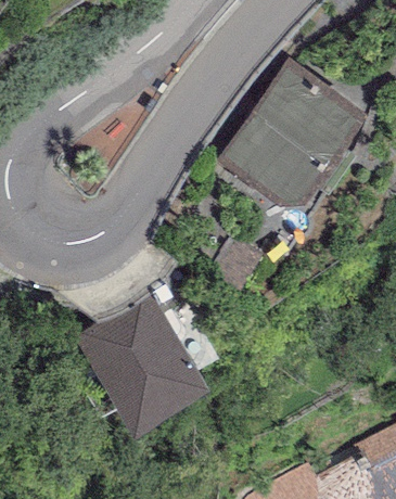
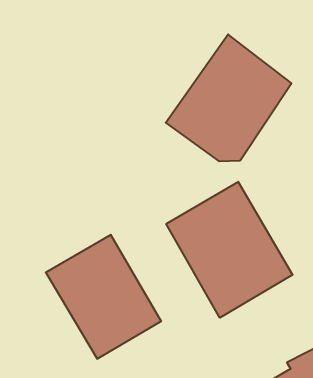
building: none -> [166,182,293,318]

